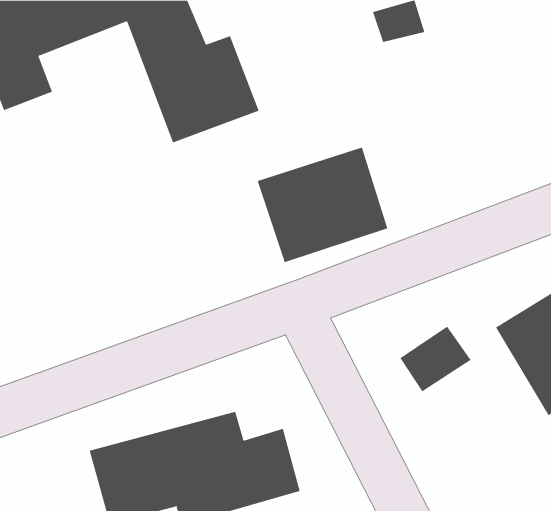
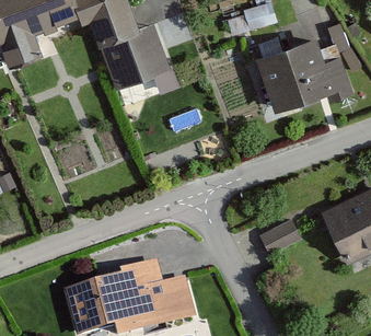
building: [257,147,388,263] -> [263,32,347,106]

